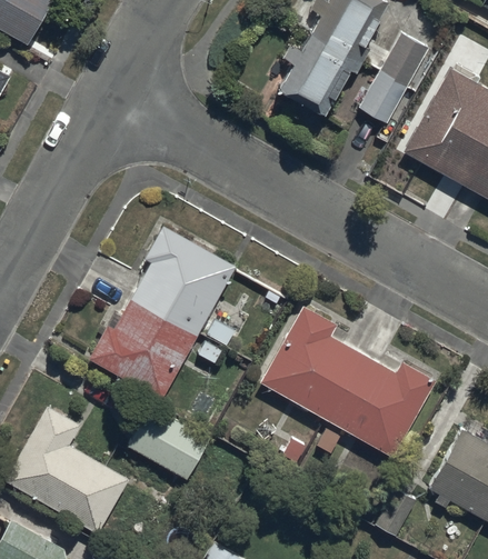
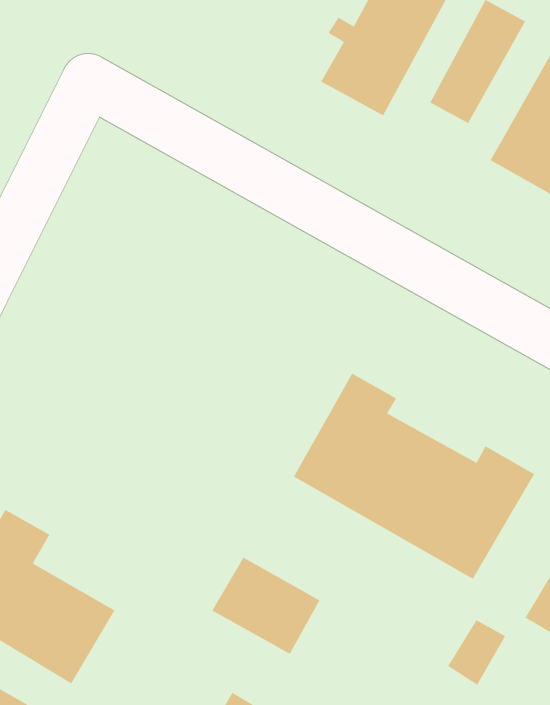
building: [88,226,236,398] -> none
building: [128,407,208,479] -> [211,556,320,655]

